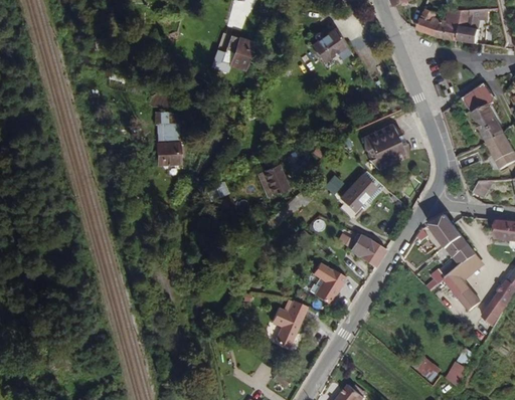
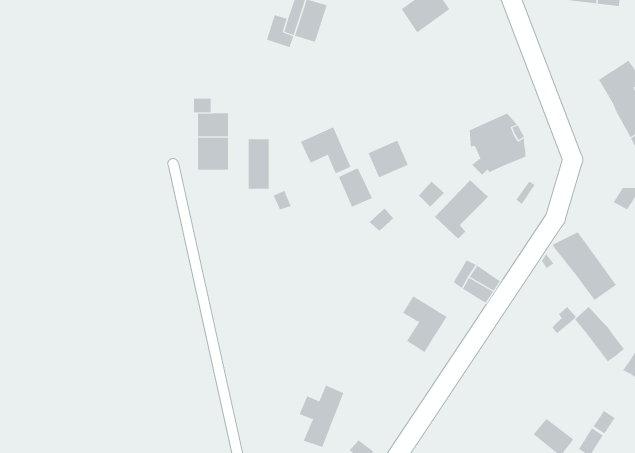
building: none -> [300,127,351,174]
building: none -> [248,139,269,190]
building: none -> [368,140,409,178]
building: [453,253,483,280] -> none
building: [273,301,307,348] -> [299,385,344,447]

